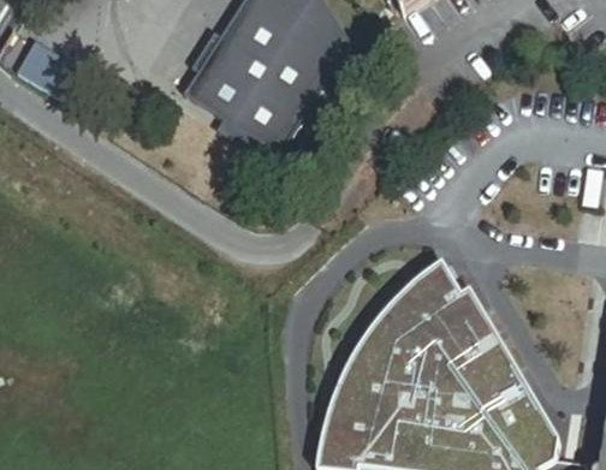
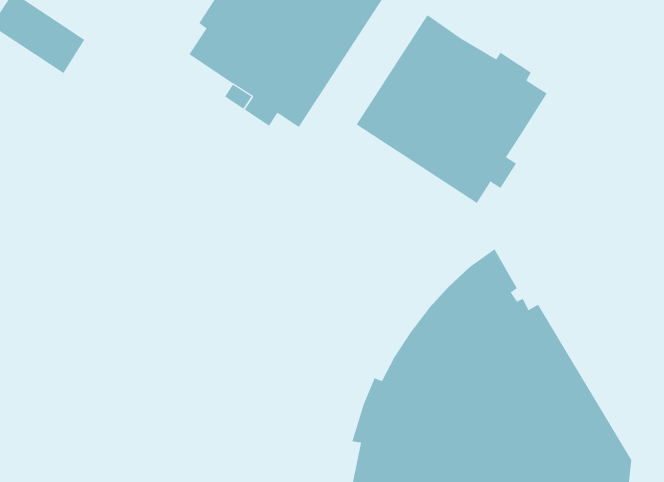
building: none -> [356,15,548,204]

